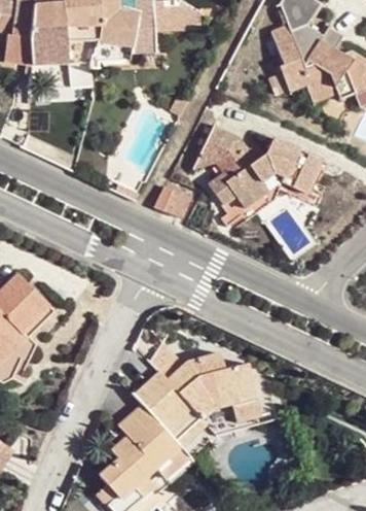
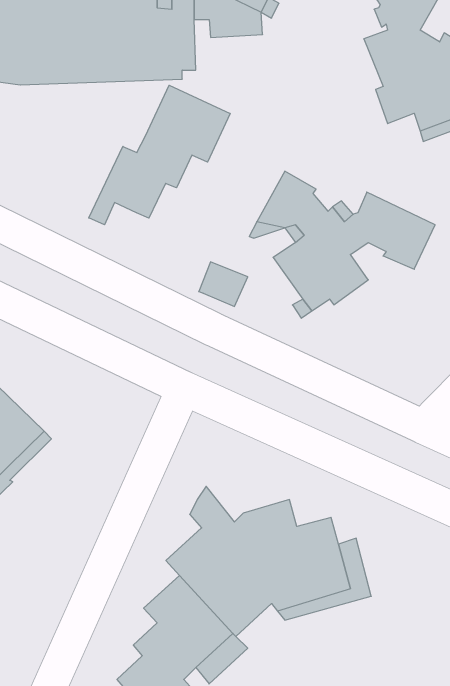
building: none -> [89,85,230,225]

